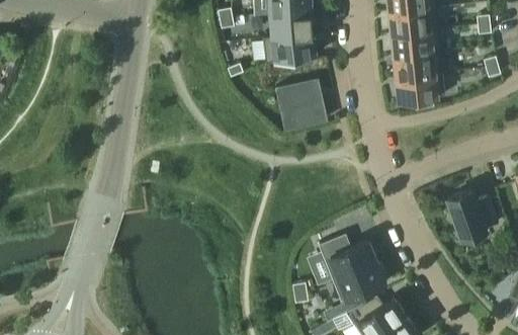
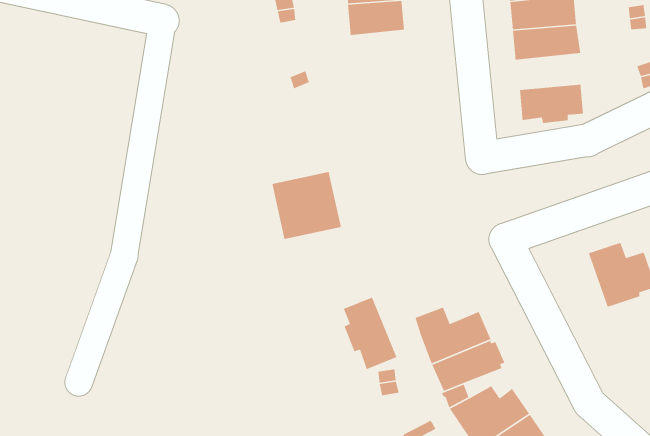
building: [262,33,317,64] -> none
building: [394,51,442,77] -> none
building: [275,78,327,129] -> [272,171,342,240]
building: none -> [343,297,397,370]

